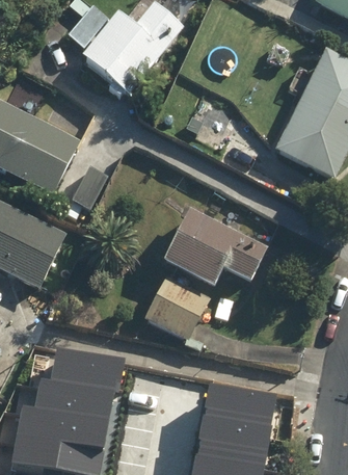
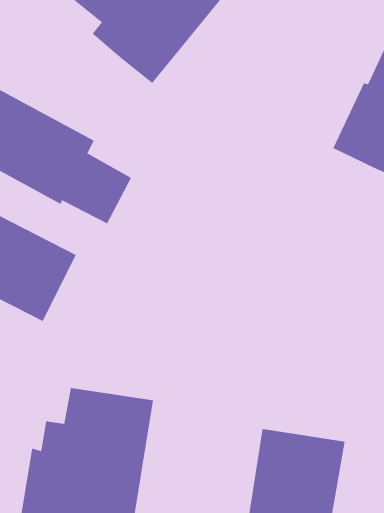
building: [158,207,266,289] -> none
building: [140,273,210,341] -> none

